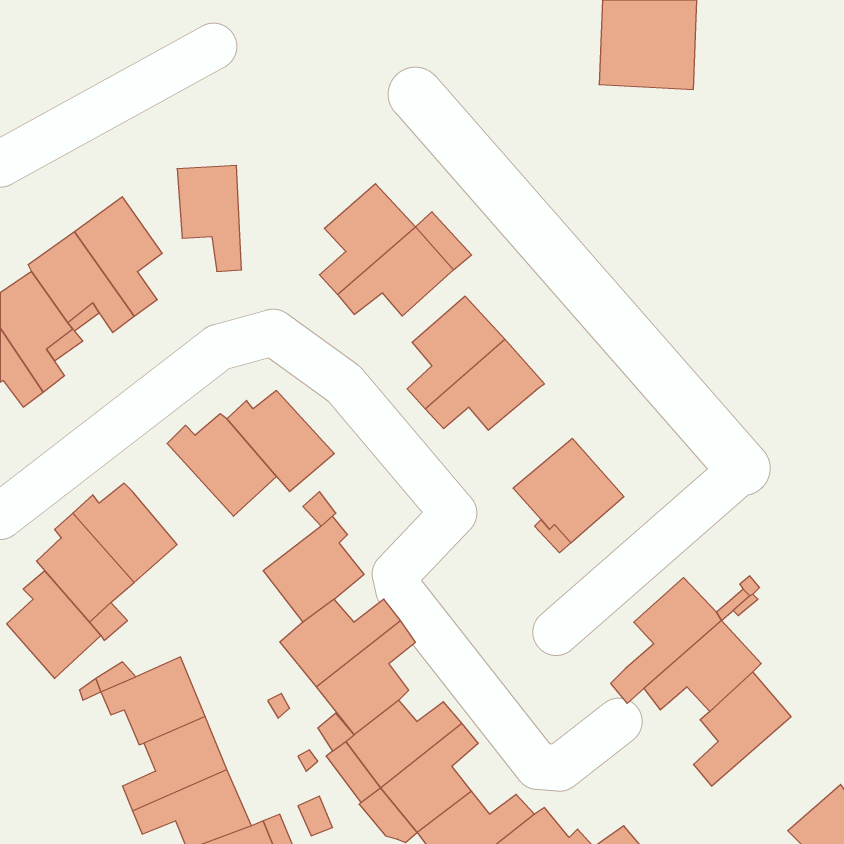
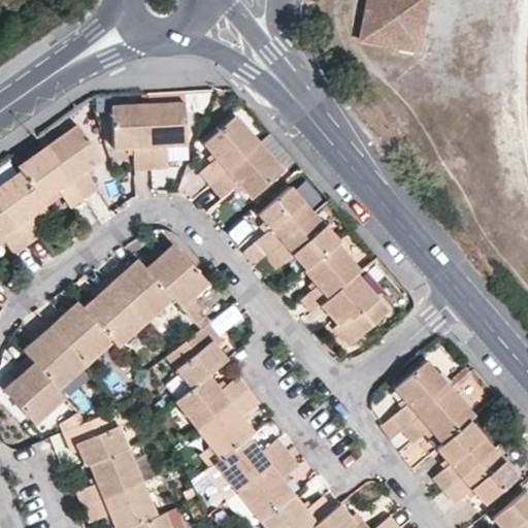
building: none -> [148,102,187,169]
building: none -> [301,242,361,312]
building: none -> [84,277,146,348]
building: none -> [444,448,518,505]

